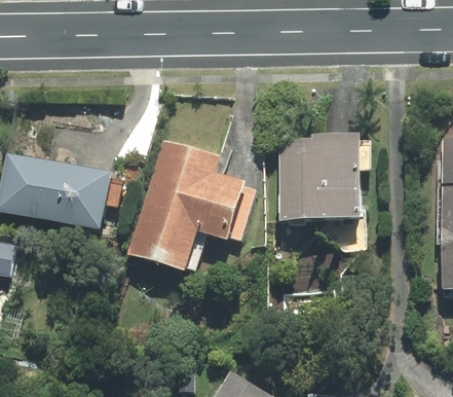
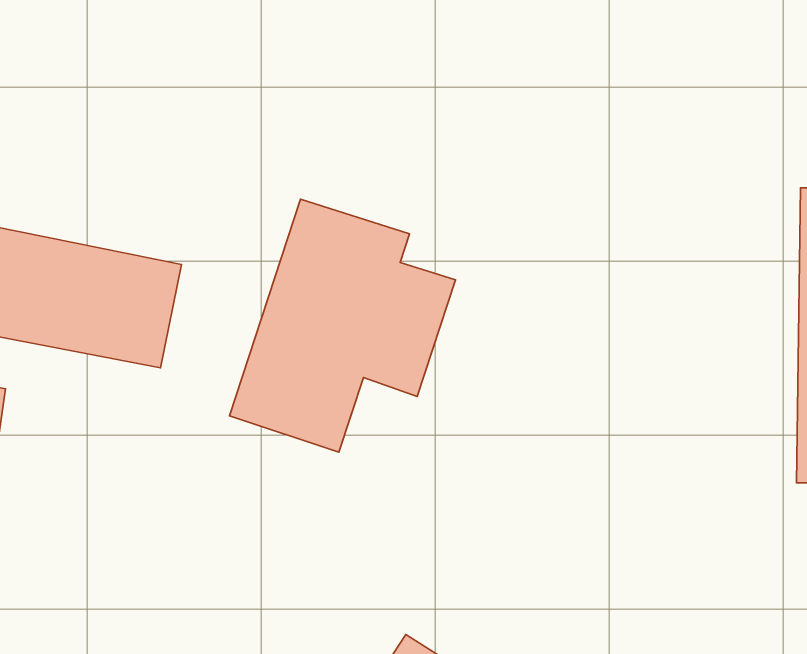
building: [276,133,370,249] -> none

